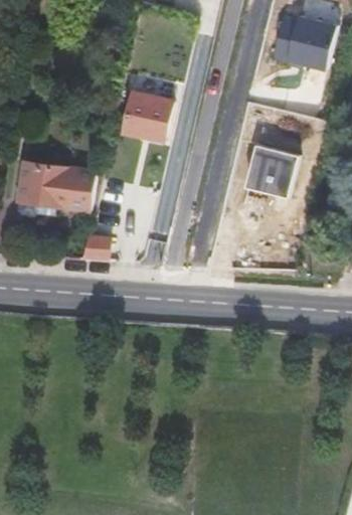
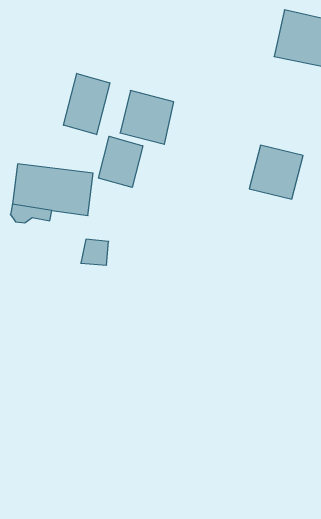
building: none -> [63,73,110,135]
building: none -> [98,136,143,187]

